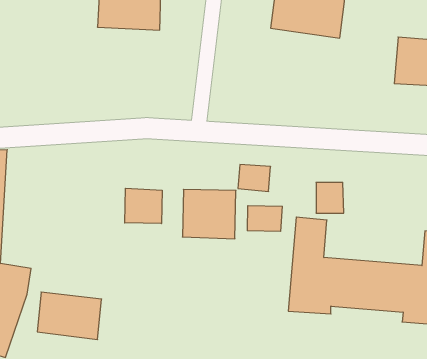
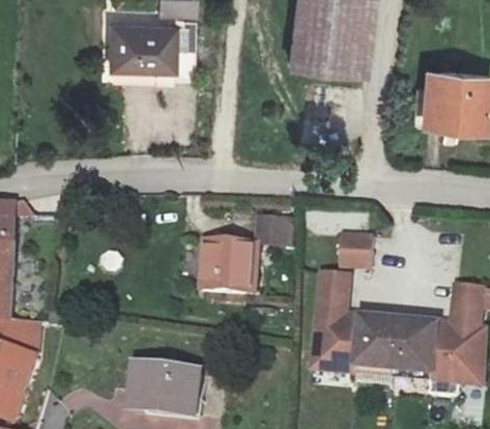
building: [125,188,162,224] -> none
building: [247,206,282,231] -> none
building: [37,292,102,340] -> [131,361,198,410]

